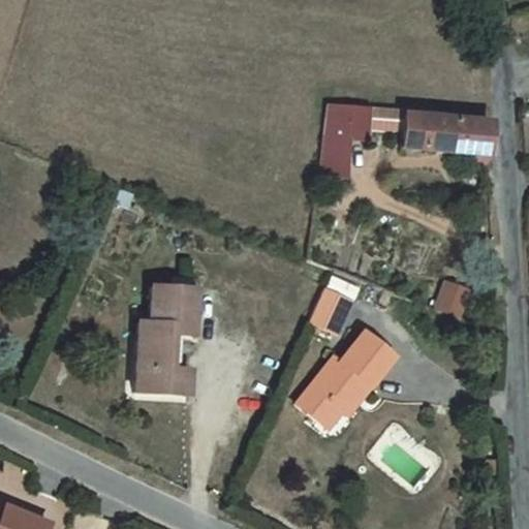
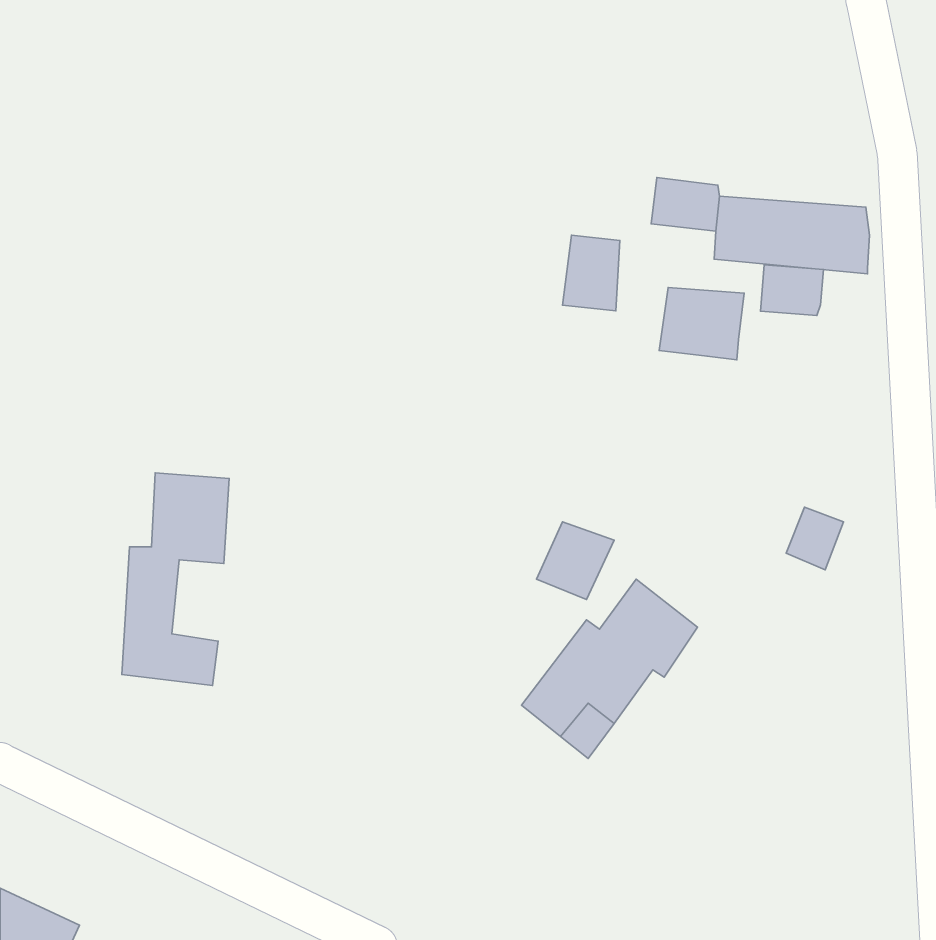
building: [324,99,372,139] -> [659,288,744,360]
building: none -> [761,265,824,315]
building: [139,281,199,400] -> [122,473,229,686]

